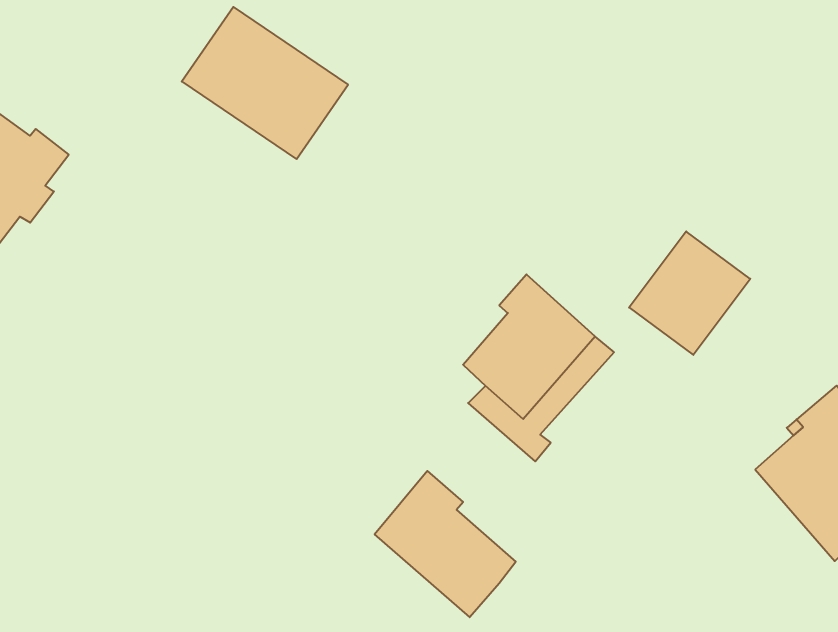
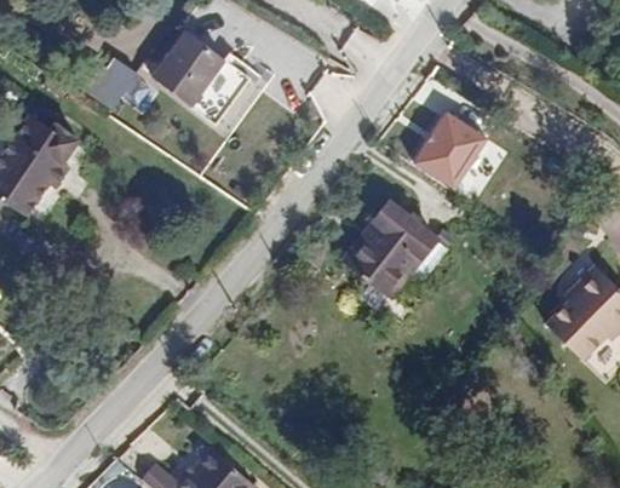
building: none -> [88,57,131,107]
building: [629,231,750,355] -> [411,109,490,191]
building: [375,471,516,617] -> none

